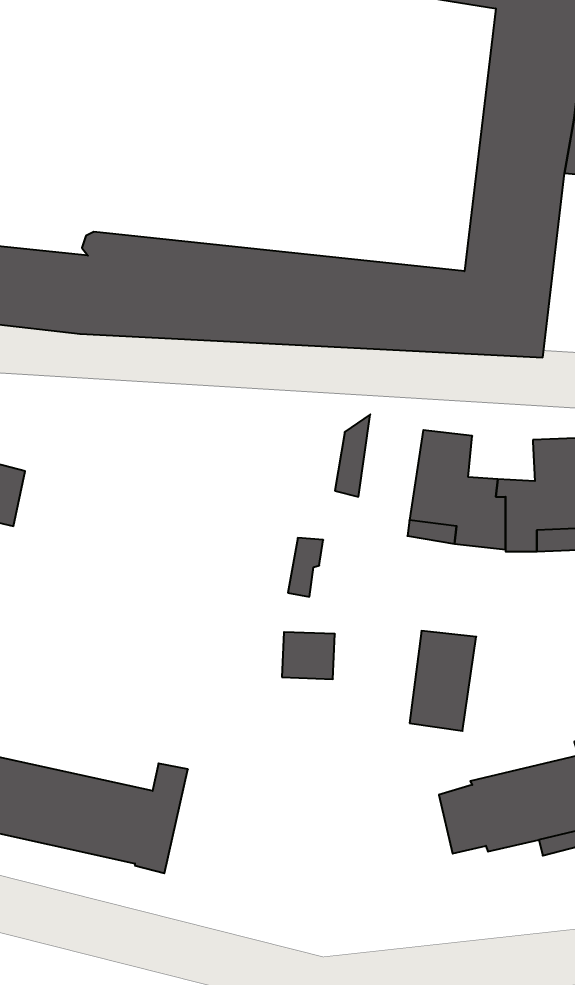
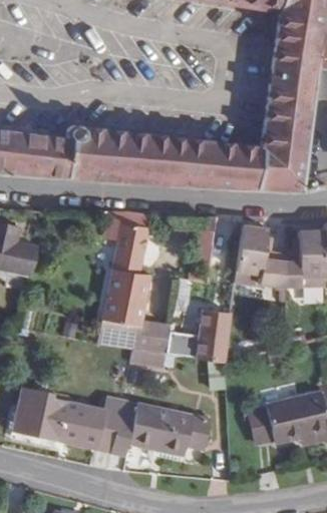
building: none -> [98,212,171,355]
building: [410,631,476,731] -> [197,312,231,363]
building: none -> [110,400,210,456]

